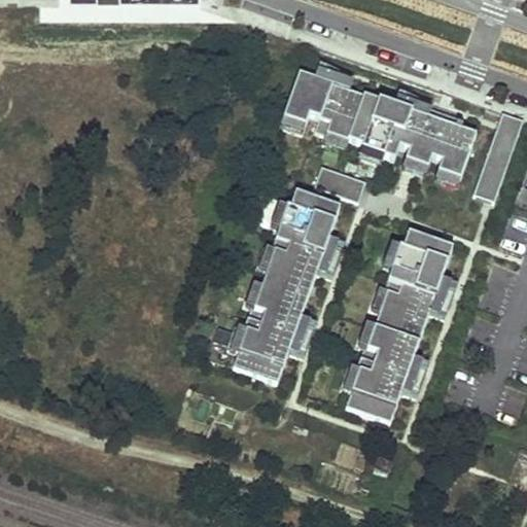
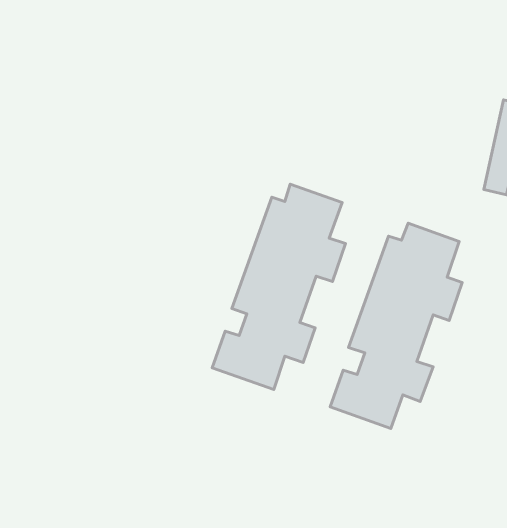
building: [283,69,479,178] -> none
building: [316,162,367,201] -> none

